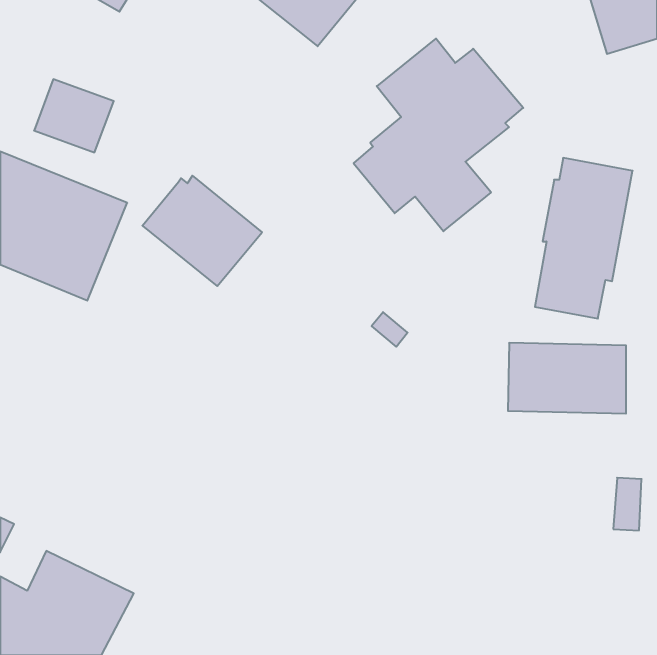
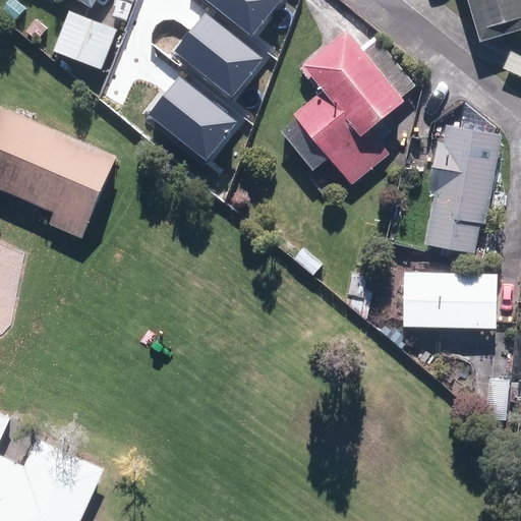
building: none -> [175,10,270,98]
building: [34,79,114,152] -> [54,12,117,70]
building: [142,176,262,286] -> [149,73,243,161]

